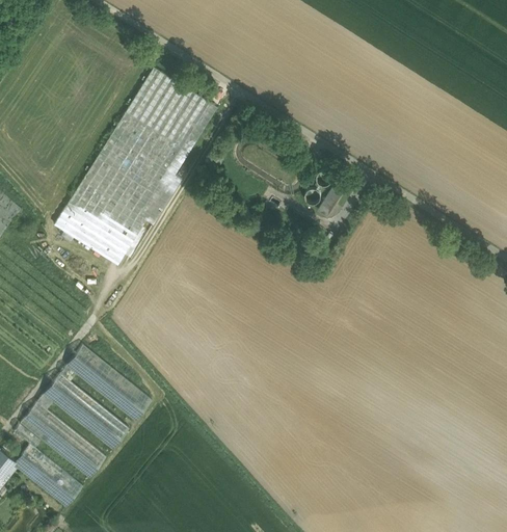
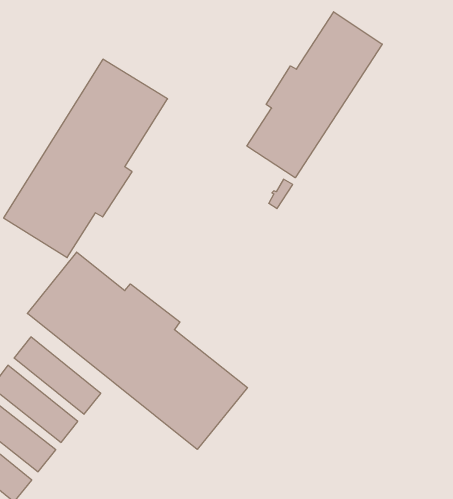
building: none -> [247,12,382,178]
building: none -> [27,252,247,449]

